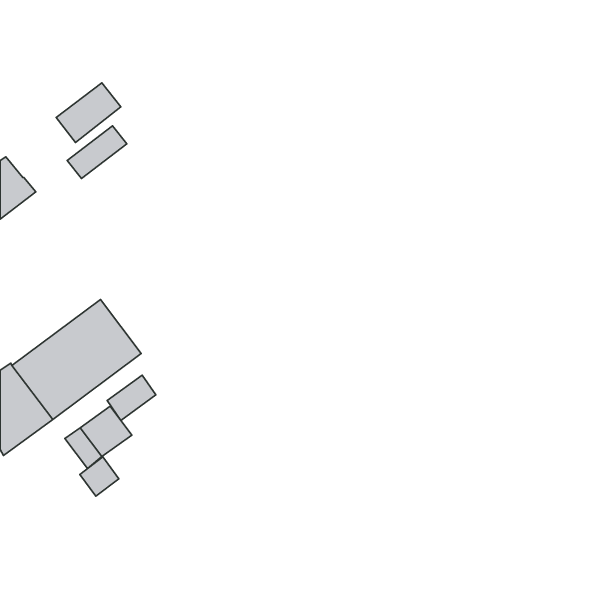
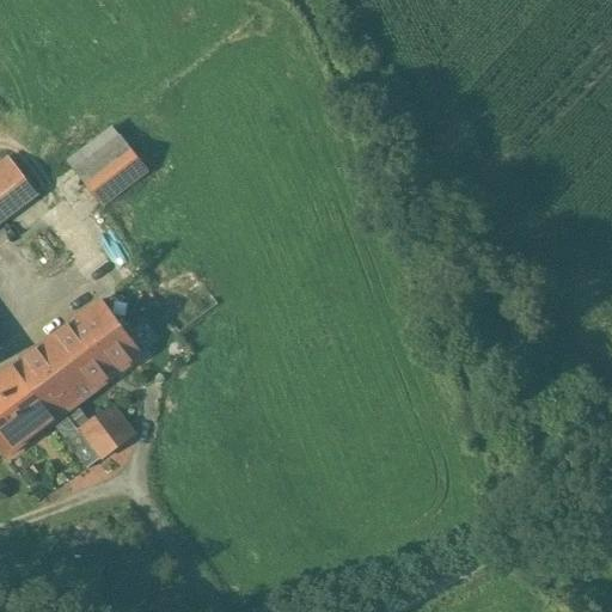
building: [56,83,121,143] -> [81,143,146,203]
building: [107,375,156,420] -> none
building: [80,457,119,496] -> none

